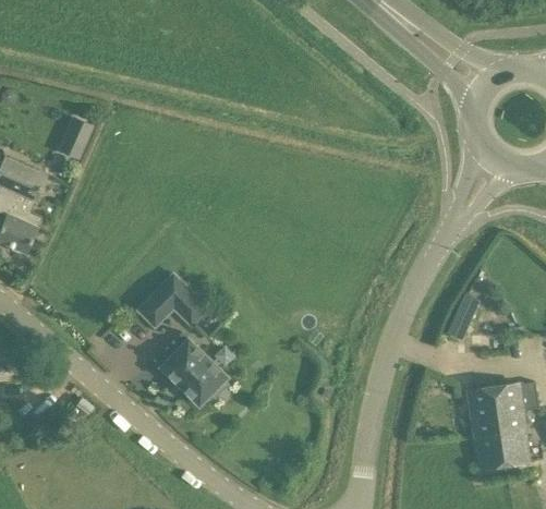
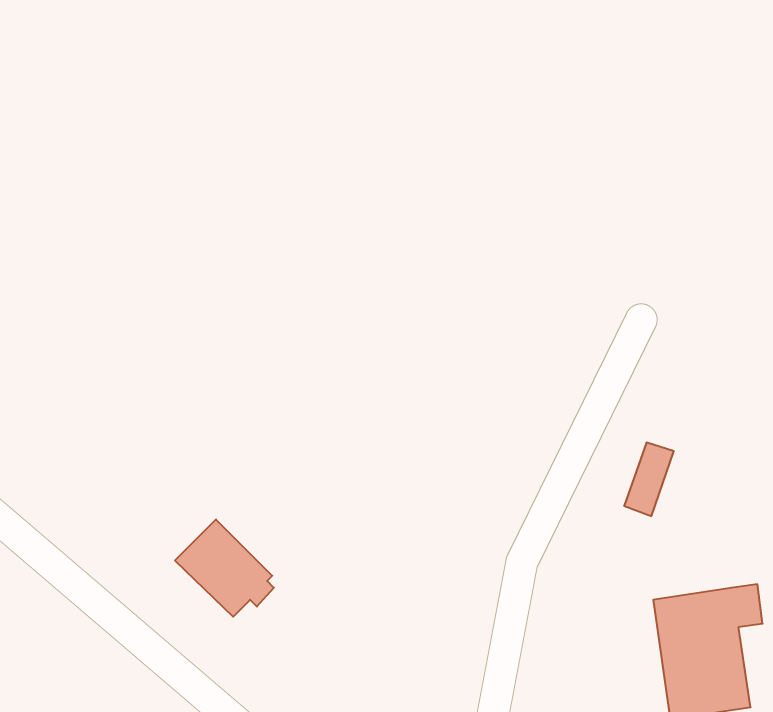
building: [60,116,93,158] -> none
building: [136,272,206,327] -> none

